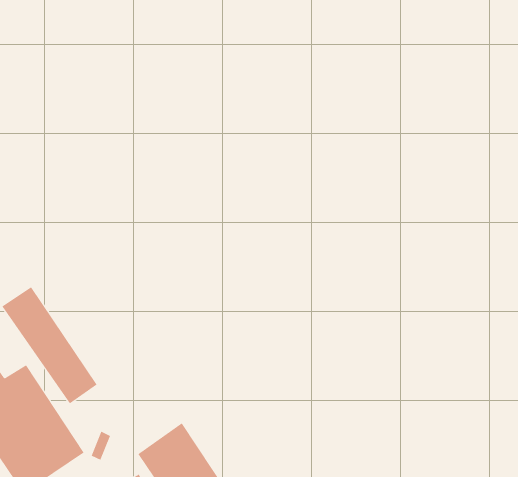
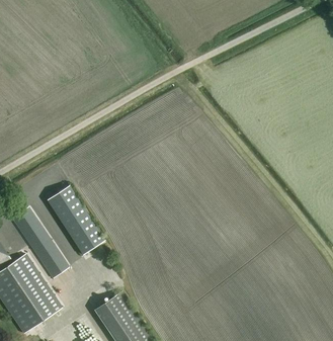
building: none -> [46,185,104,255]

